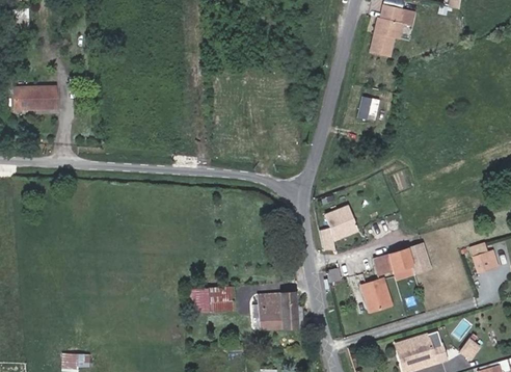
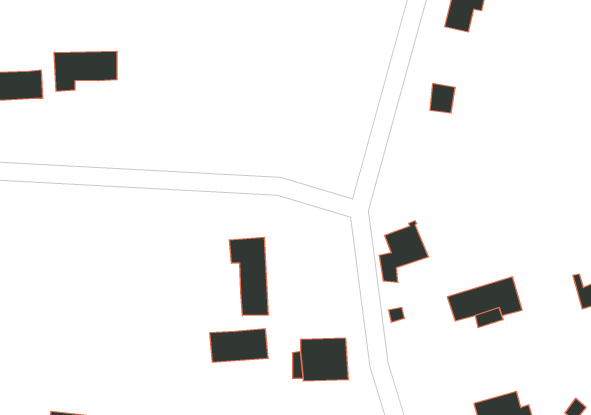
building: none -> [54,51,117,91]
building: none -> [229,237,268,316]
building: [362,282,395,317] -> none

